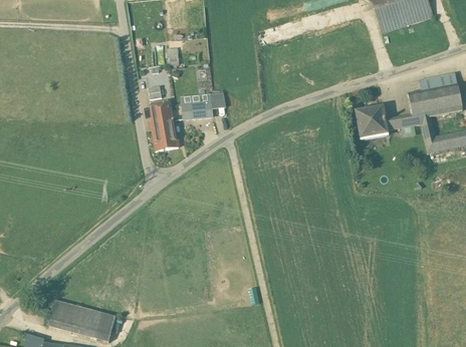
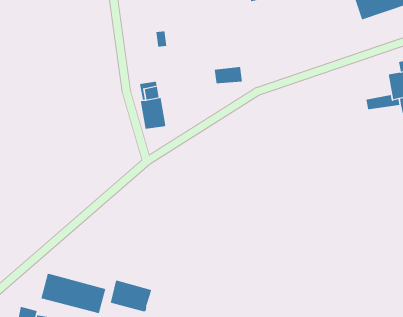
building: [182,99,212,117] -> [214,66,243,84]
building: [356,106,387,136] -> none
building: none -> [109,280,152,312]

